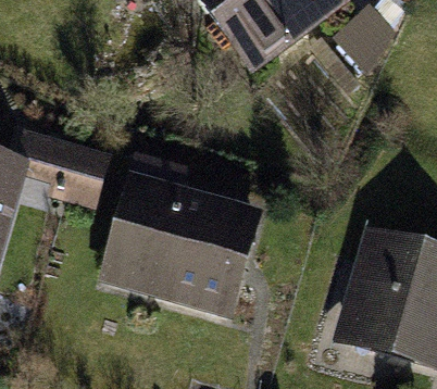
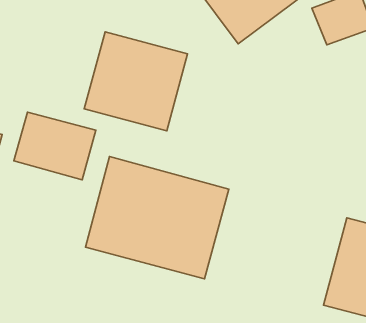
building: none -> [84,32,188,131]

